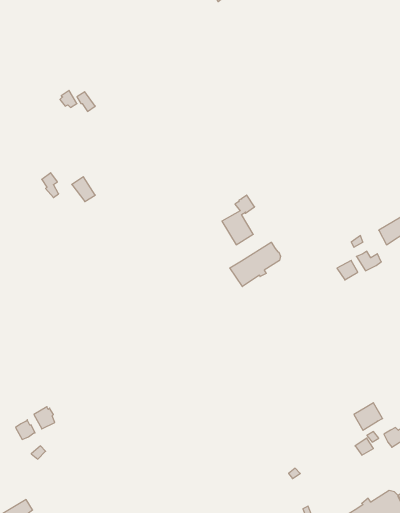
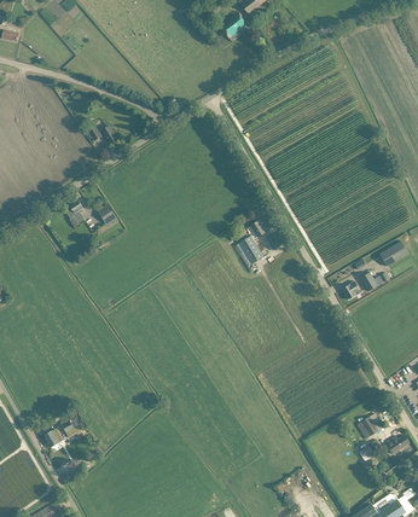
building: [230,242,280,287] -> none

